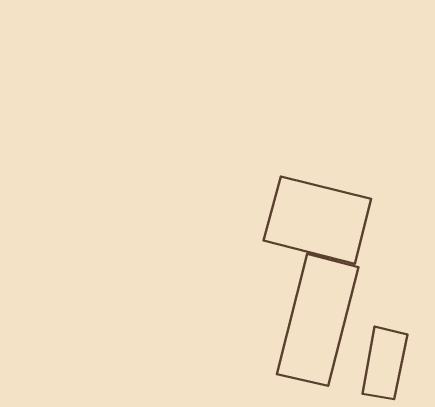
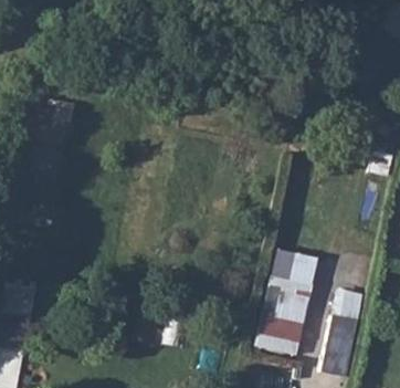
building: [264,176,371,264] -> none

